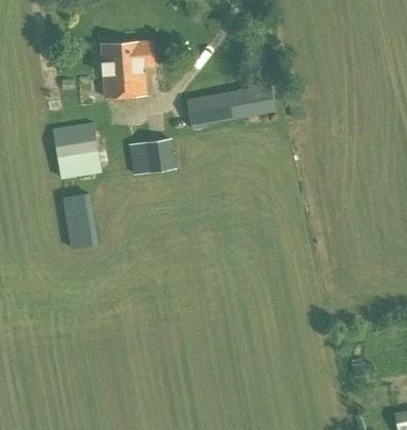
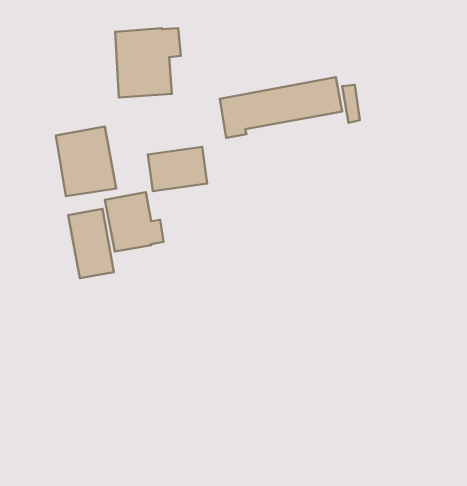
building: none -> [105,192,164,251]

